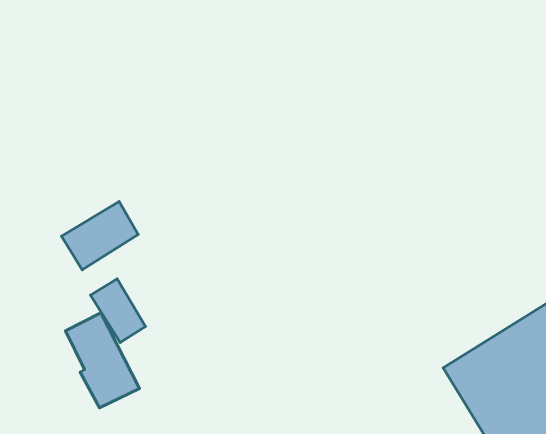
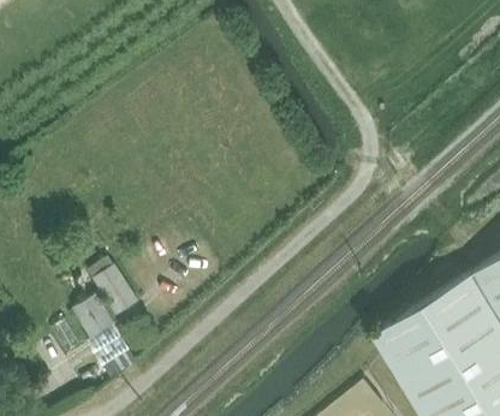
building: [61,202,138,270] -> none

